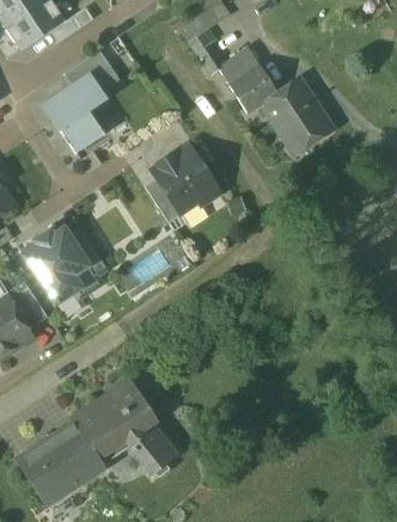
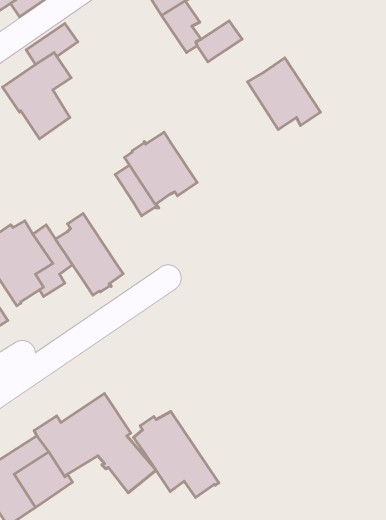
building: [227,63,277,112] -> none
building: none -> [56,214,123,295]
building: none -> [134,411,219,497]

